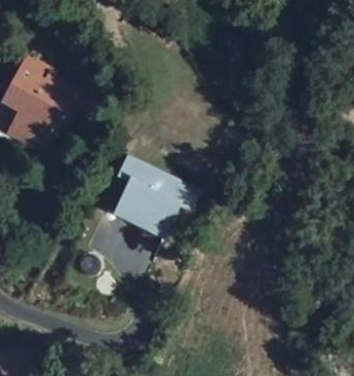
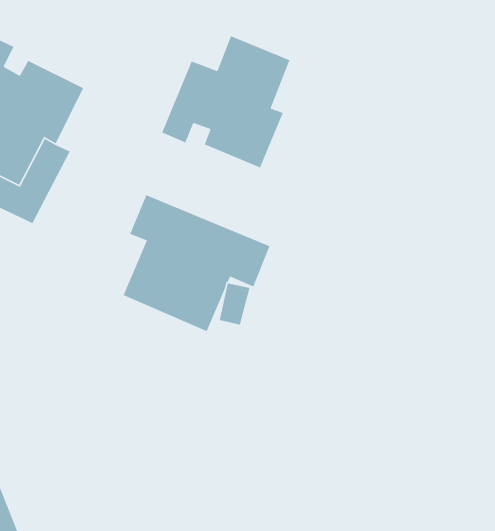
building: none -> [161,35,291,168]

